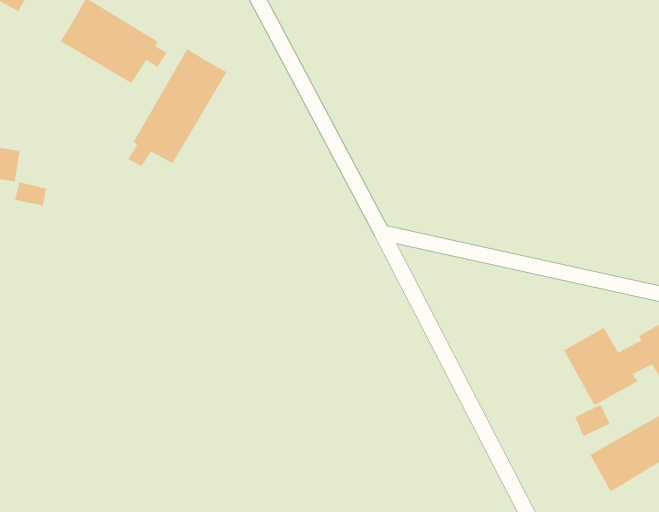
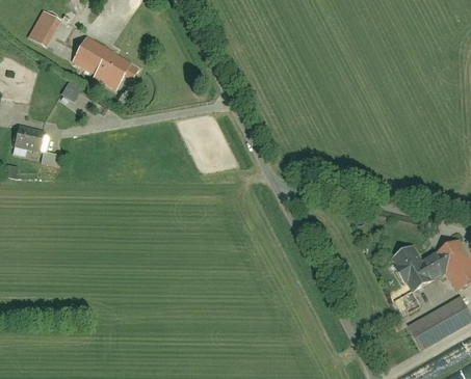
building: [128,48,227,167] -> none

